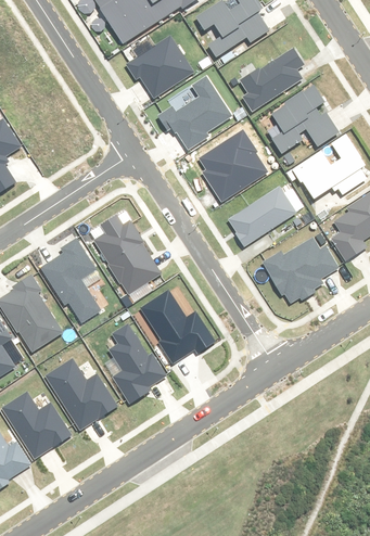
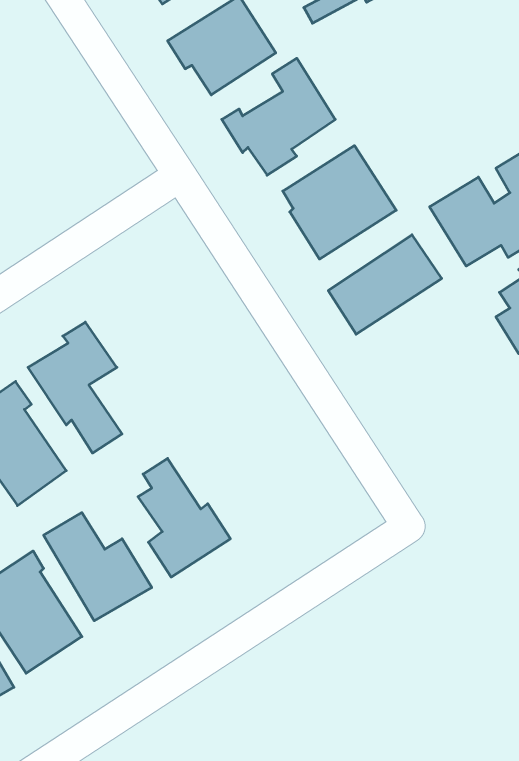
building: [239,50,302,111] -> none
building: [269,88,336,152] -> none
building: [94,216,158,294] -> none
building: [260,239,336,302] -> none
building: [139,290,213,361] -> none

